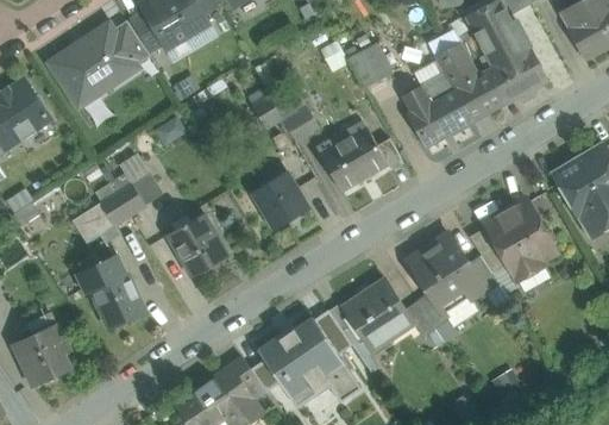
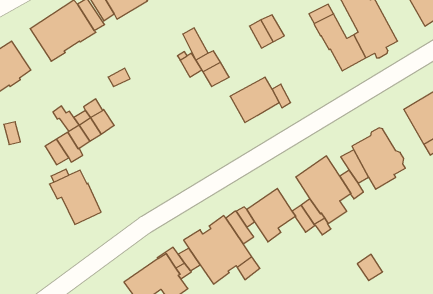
building: [402,73,472,146] -> none
building: [252,173,308,230] -> none
building: [167,215,227,277] -> none
building: [13,317,69,388] -> none

